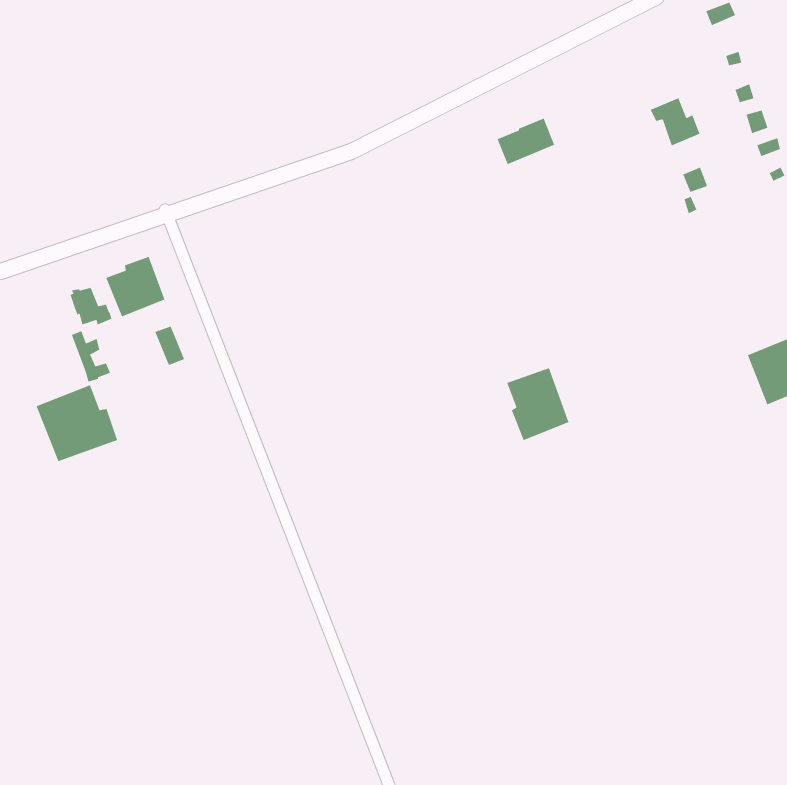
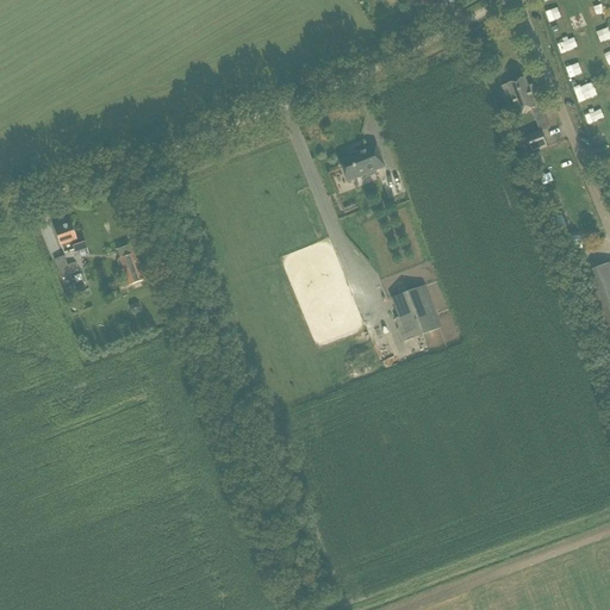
building: [496,117,555,165] -> [340,143,385,180]
building: [105,256,165,318] -> none
building: [36,384,118,462] -> none

